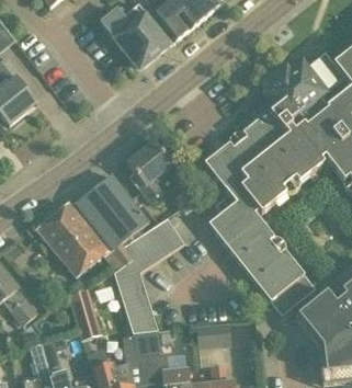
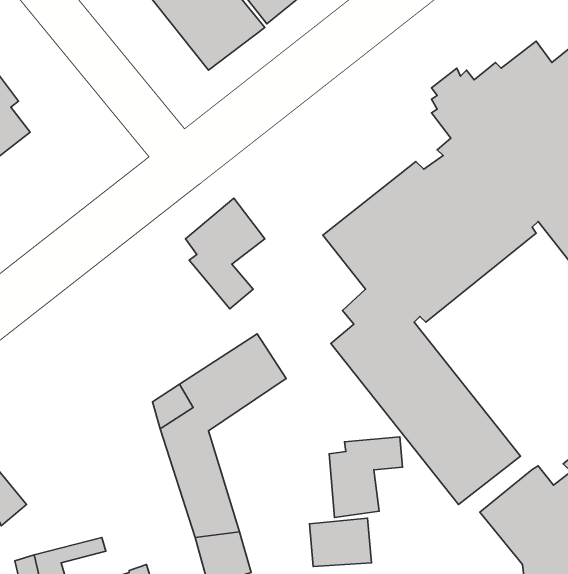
building: [73,173,149,250] -> none
building: [36,204,106,277] -> none
building: none -> [329,437,403,518]
building: [68,287,102,340] -> none

